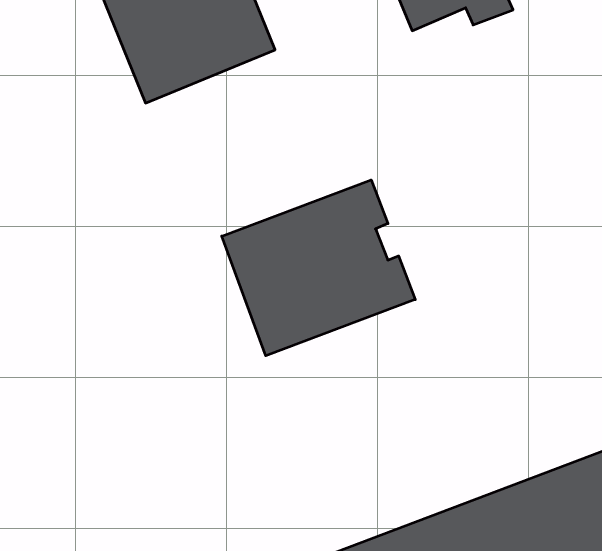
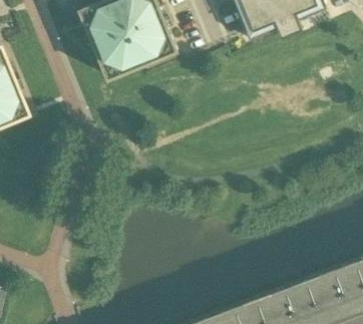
building: [222,180,415,356] -> none

